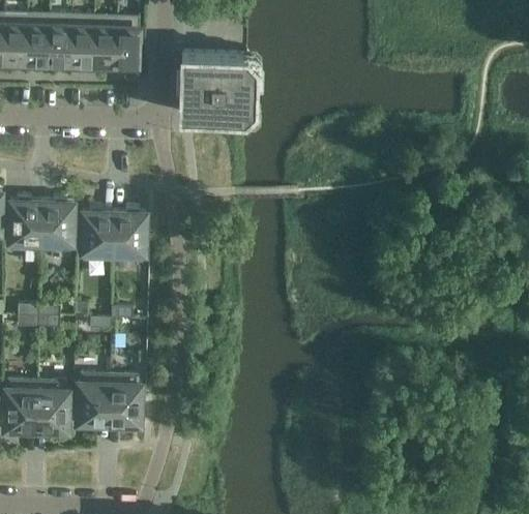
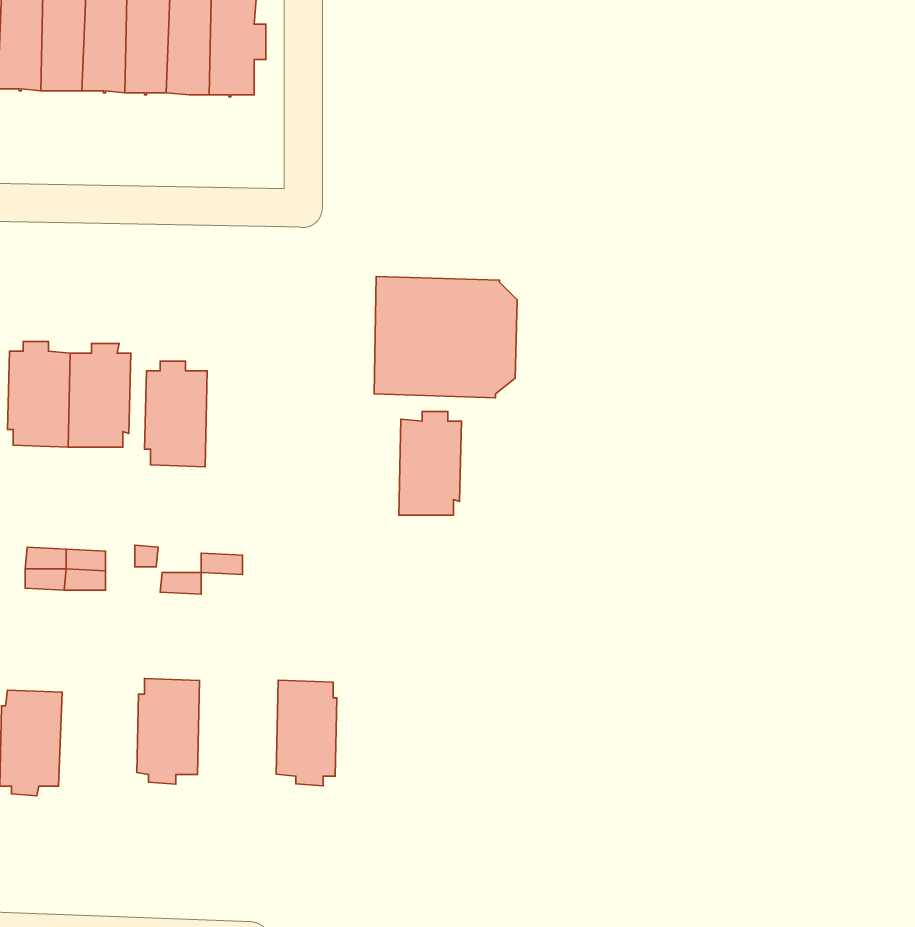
building: [179,54,255,118] -> [374,276,517,398]
building: [112,208,145,263] -> [399,411,461,515]
building: [108,375,140,431] -> [276,680,337,786]
building: [34,382,67,437] -> none

